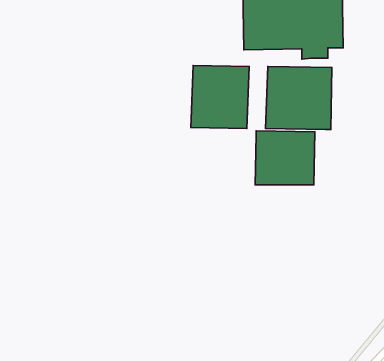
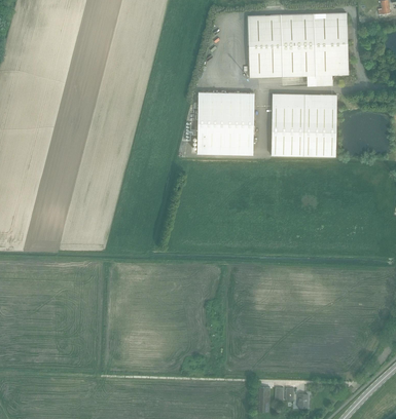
building: [255,131,315,185] -> none

